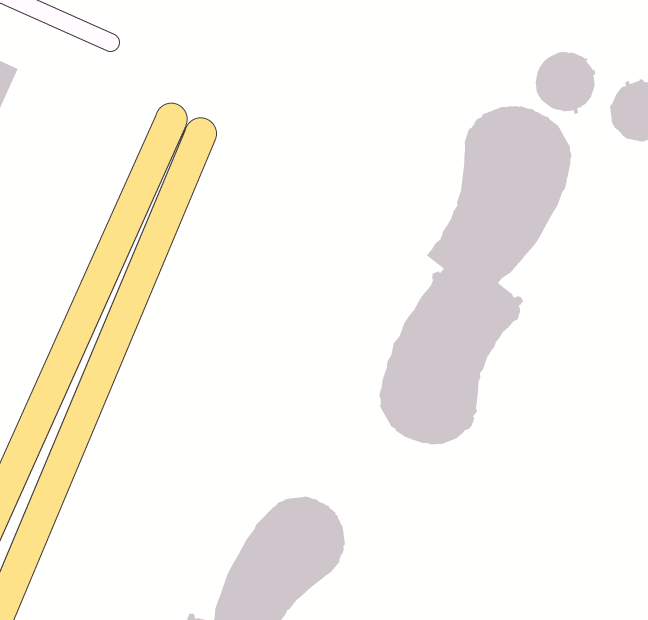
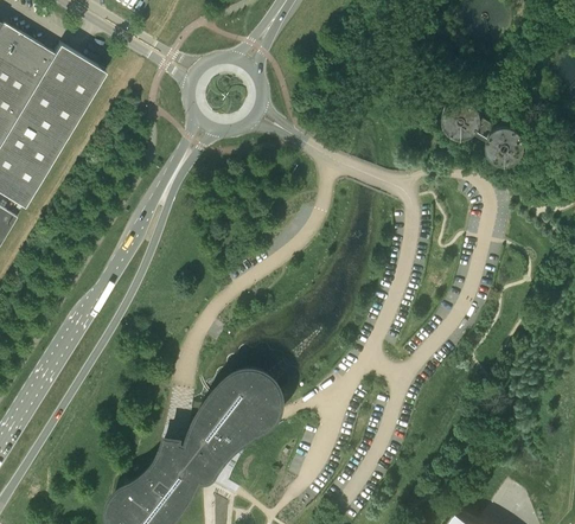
building: [379,105,572,445] -> none

